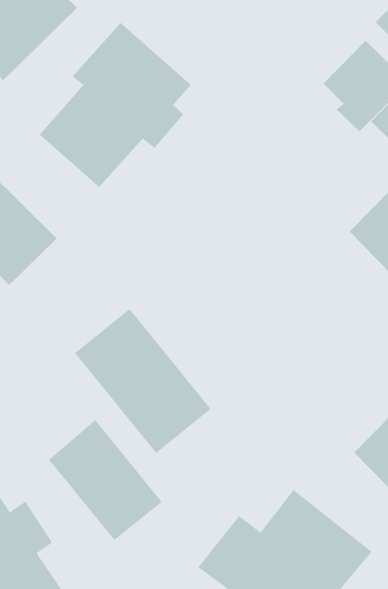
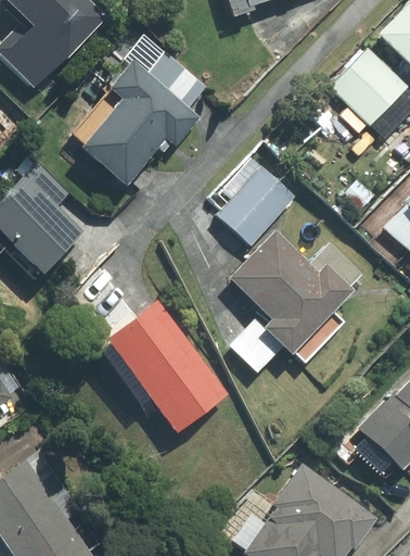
building: none -> [218,165,298,248]
building: none -> [228,231,363,378]
building: [48,419,163,541] -> none

